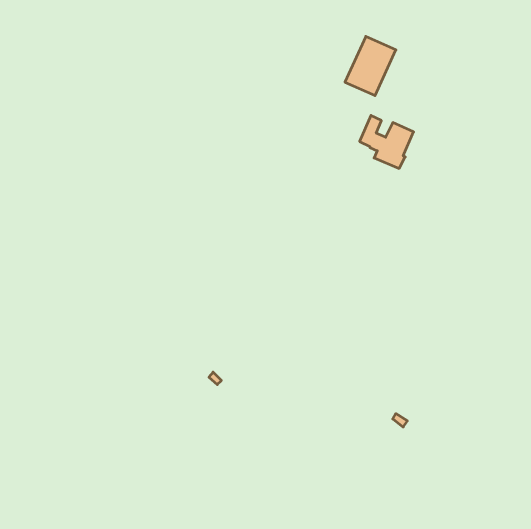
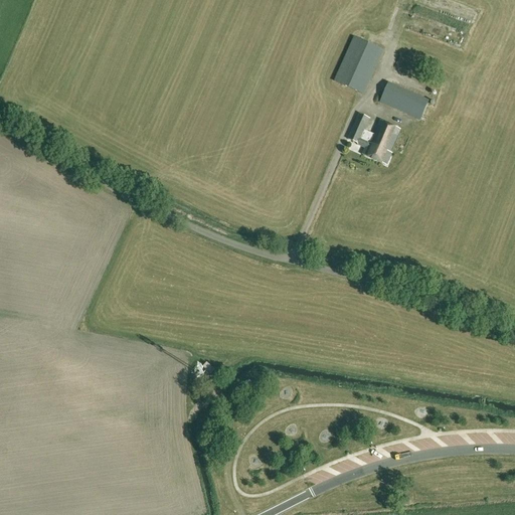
building: none -> [380,81,428,119]

